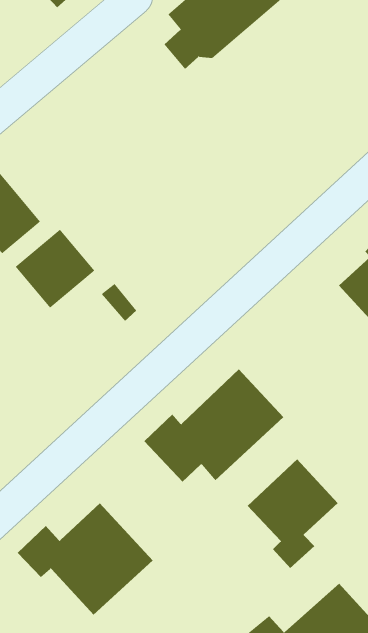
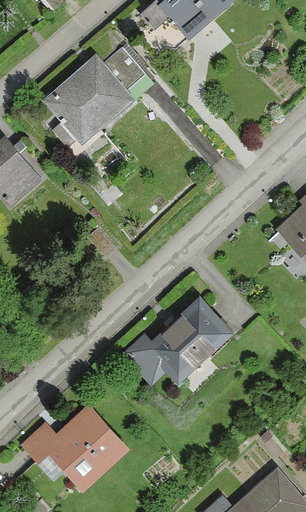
building: none -> [43,49,146,159]
building: [15,229,95,308] -> none
building: [247,459,338,569] -> none

